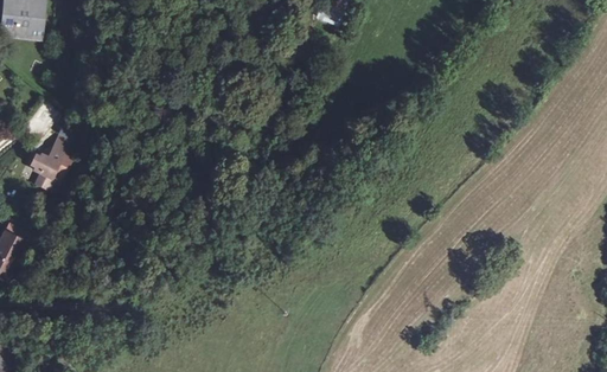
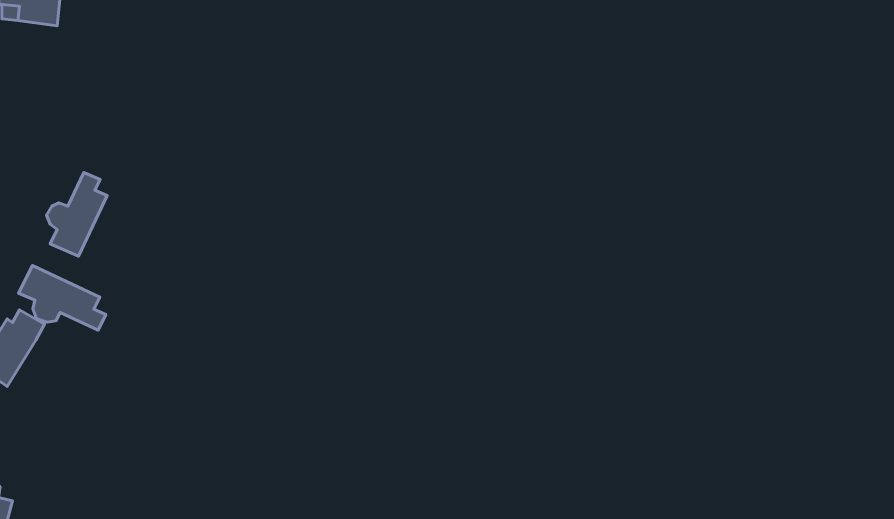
building: none -> [19,265,106,330]

